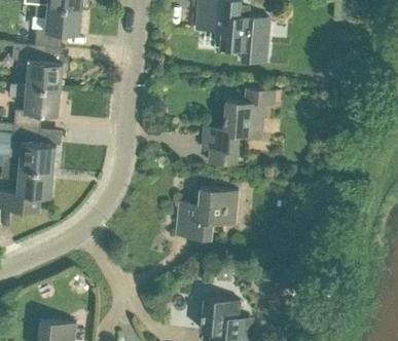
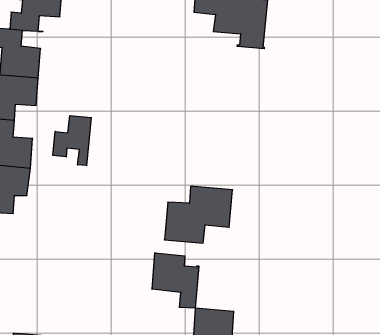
building: [202,86,275,165] -> none
building: none -> [53,116,91,166]
building: none -> [152,253,199,308]

